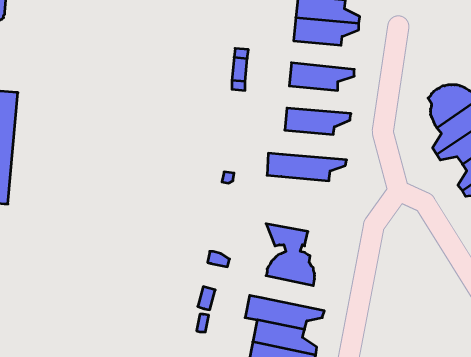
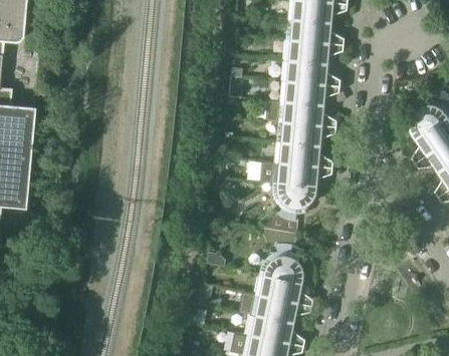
building: none -> [282,61,341,87]
building: none -> [267,101,336,127]
building: none -> [274,142,333,169]
building: none -> [259,185,316,235]
building: none -> [255,275,313,307]

